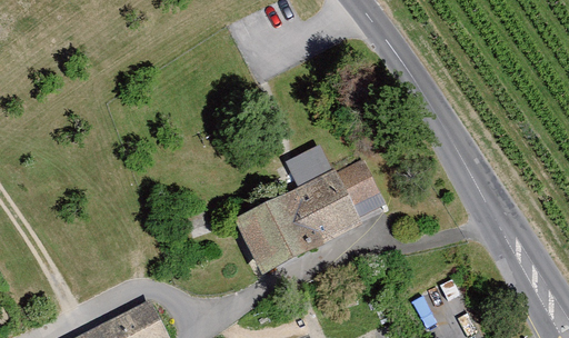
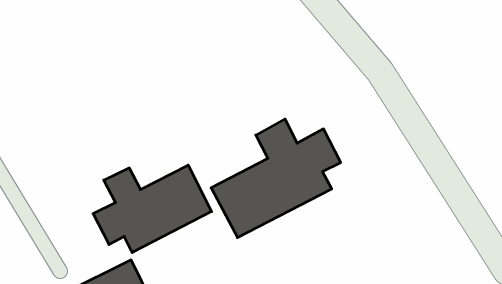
building: none -> [93,165,212,253]

